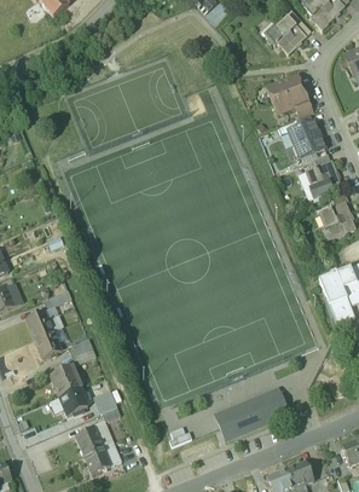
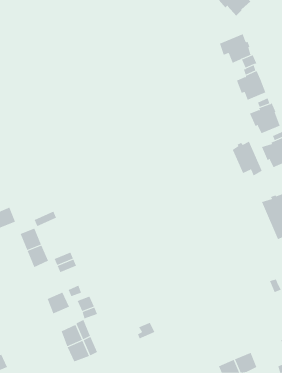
building: none -> [231,141,263,176]
building: [50,364,81,395] -> none
building: [216,392,290,440] -> none

